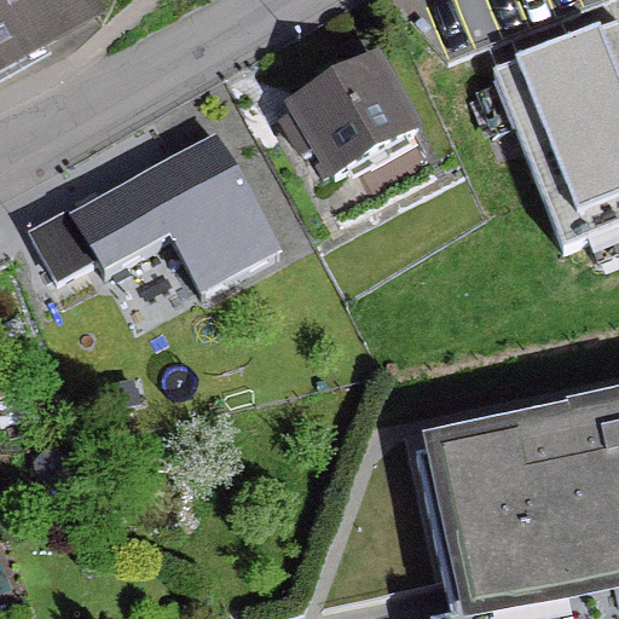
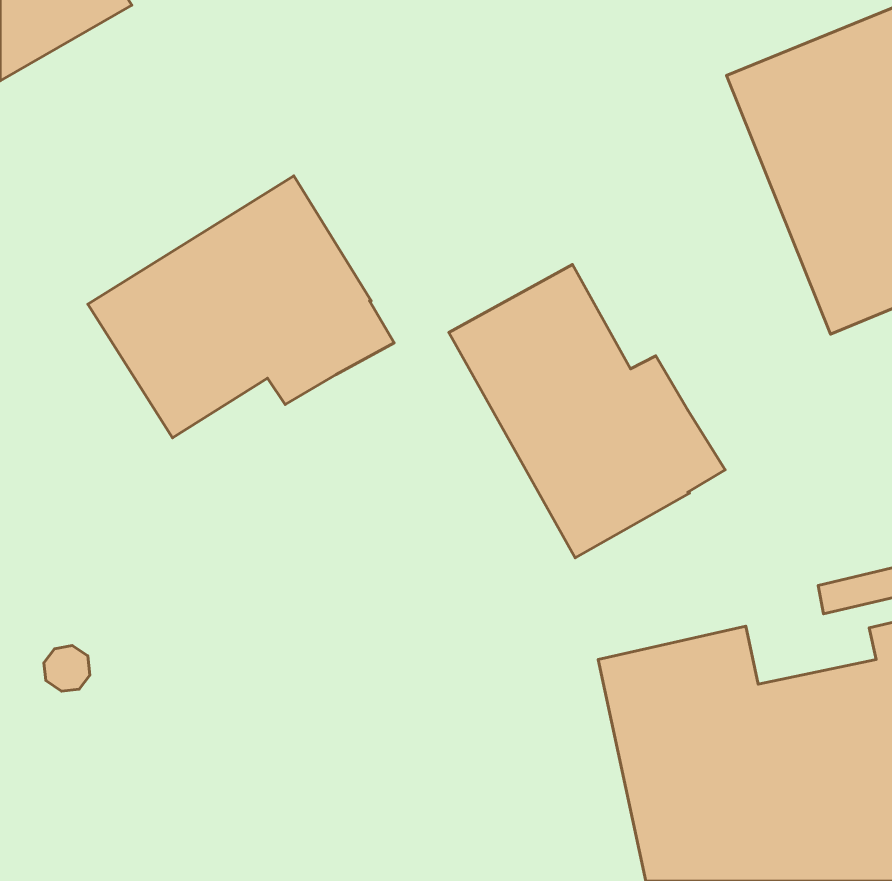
building: [283,53,415,173] -> none
building: none -> [449,264,725,558]

